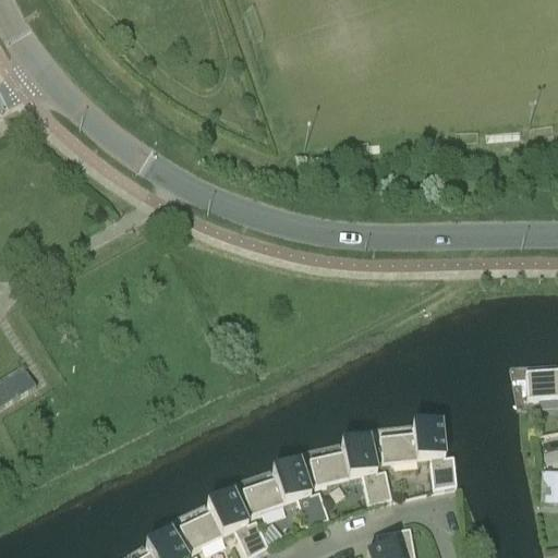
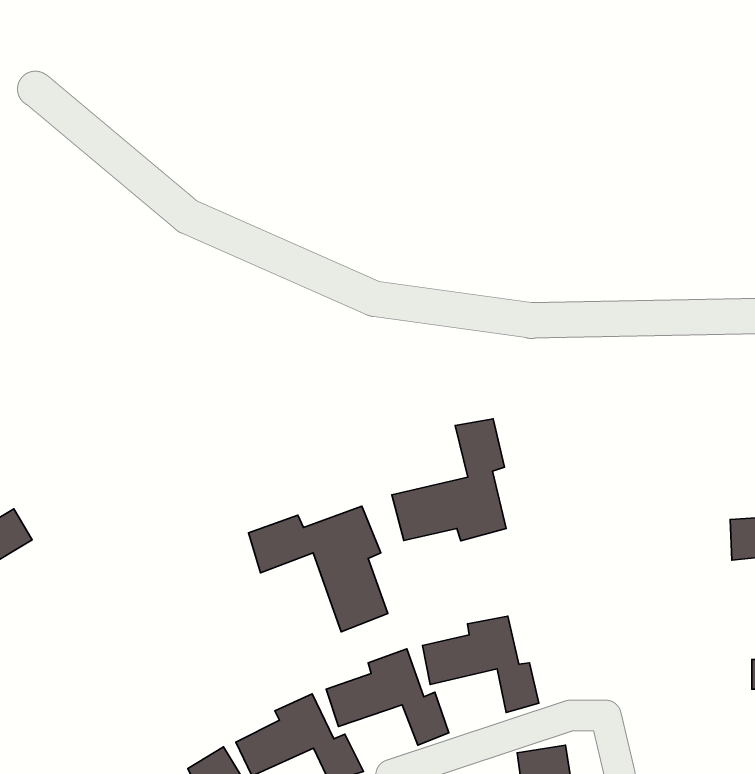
building: none -> [392,419,506,541]
building: none -> [249,506,388,632]
building: [379,420,457,486] -> none

